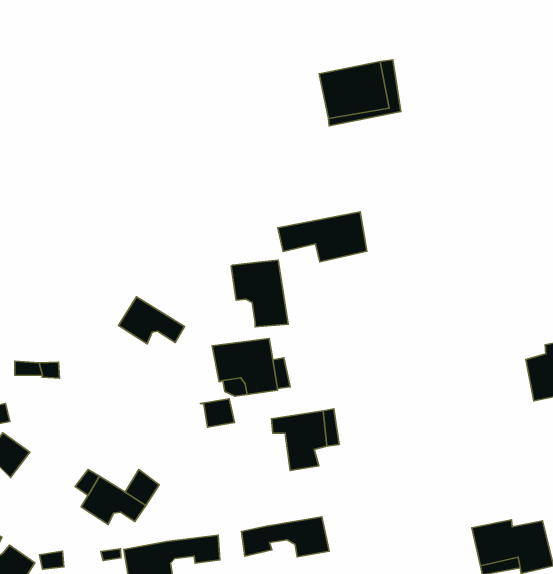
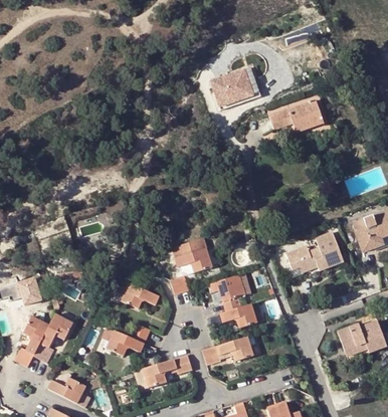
building: [278,212,367,262] -> [267,99,321,132]
building: [231,260,288,327] -> none
building: [118,297,184,344] -> [123,282,161,308]
building: none -> [283,231,341,278]
building: none -> [219,302,257,328]

